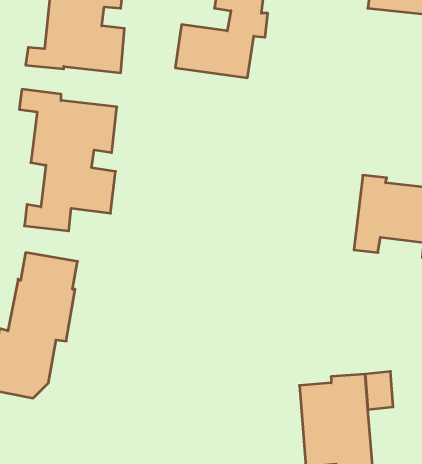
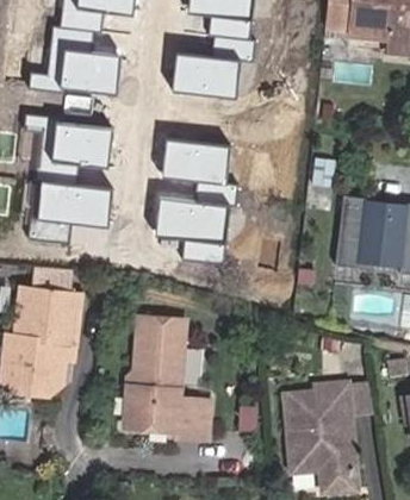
building: none -> [149,137,236,265]
building: none -> [132,324,216,448]

